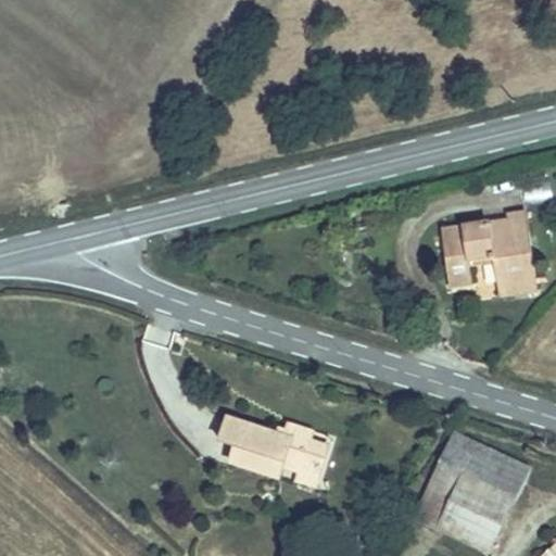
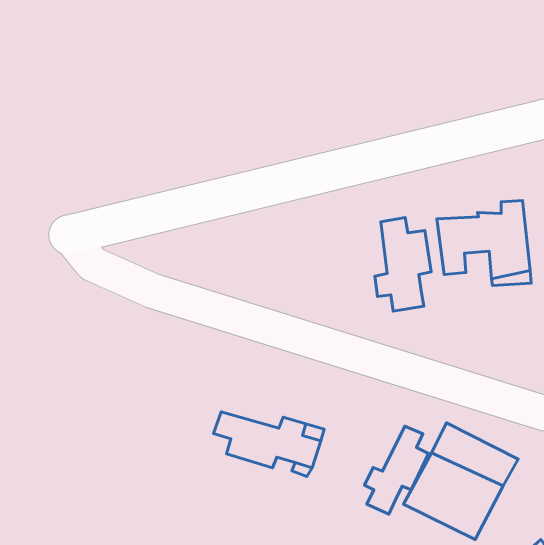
building: none -> [375,217,431,311]
building: none -> [365,426,429,514]

